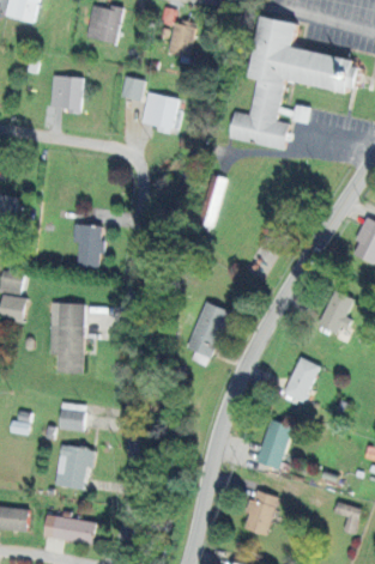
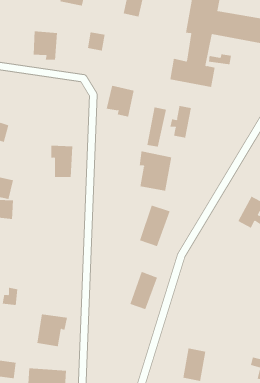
building: [141,92,179,134] -> [106,85,134,117]
building: none -> [170,105,191,138]
building: none -> [139,150,172,192]
building: [49,303,85,374] -> none
building: [284,357,320,402] -> none
building: [59,402,86,432] -> none
building: [256,419,294,469] -> [129,271,158,310]

